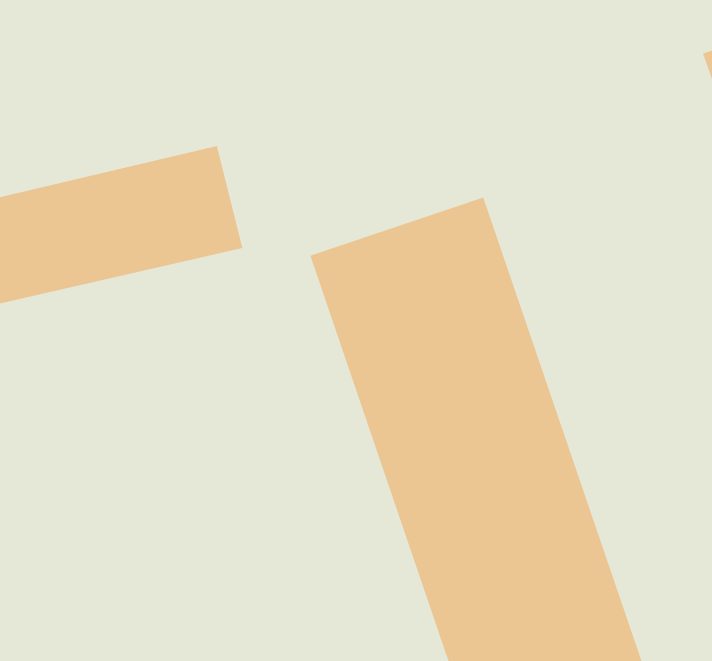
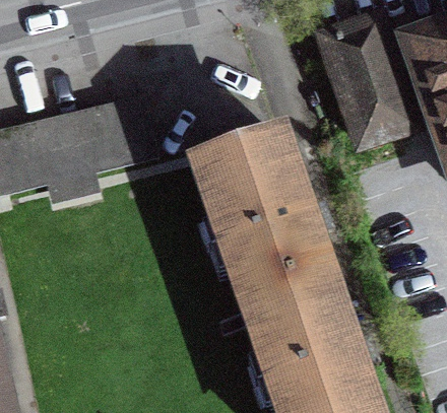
building: none -> [320,25,406,146]

